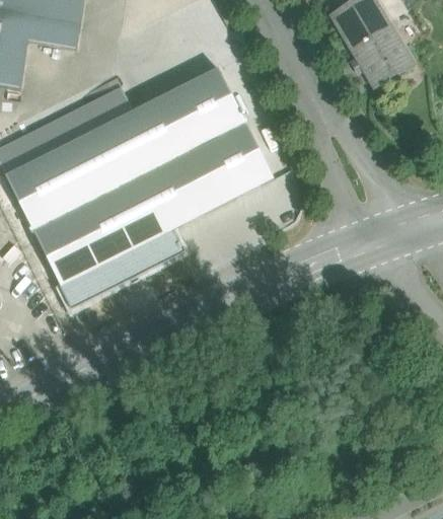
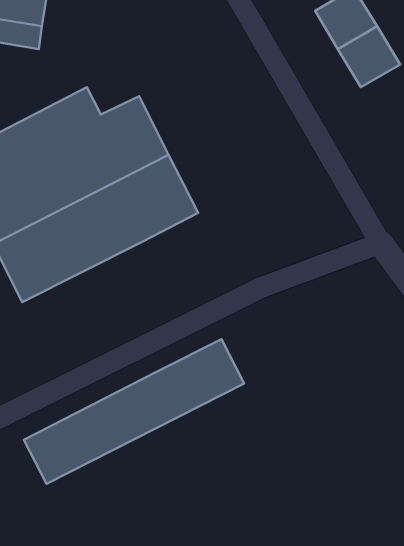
building: [169,67,273,201] -> none
building: [61,228,182,306] -> none
building: none -> [24,339,244,484]

